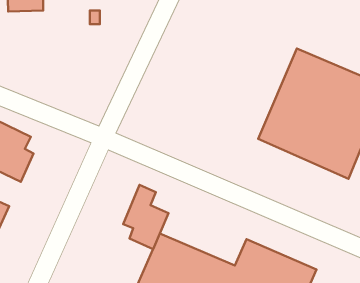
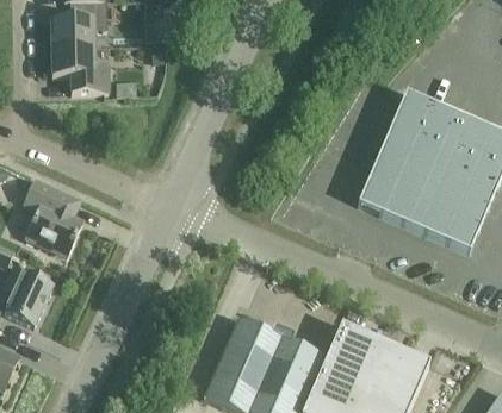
building: none -> [51,44,109,90]
building: [123,185,168,249] -> none

